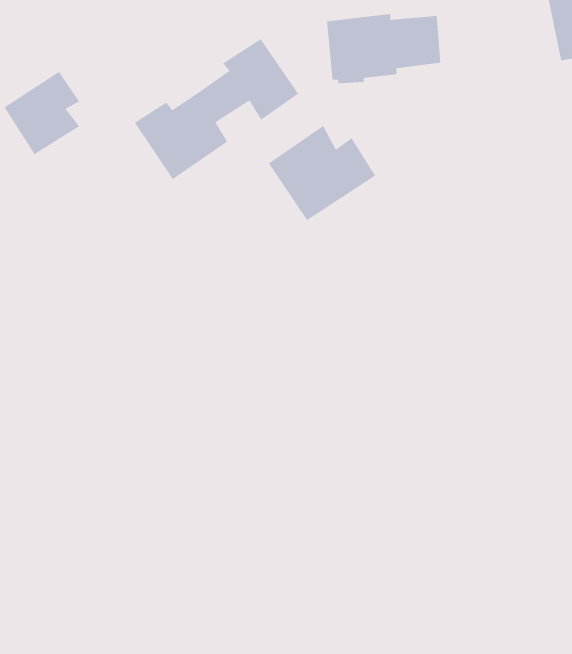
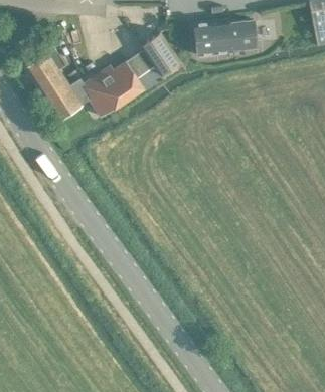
building: none -> [42,76,115,119]
building: [268,125,376,221] -> none

